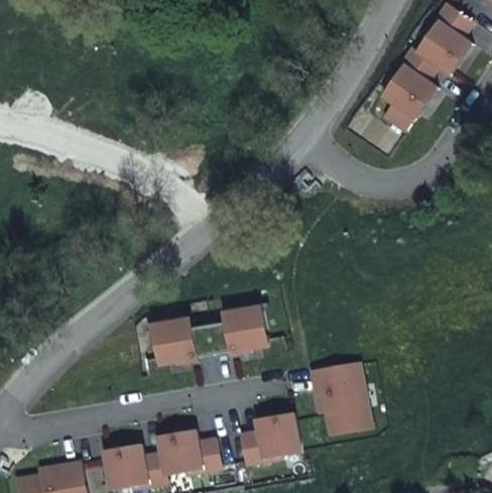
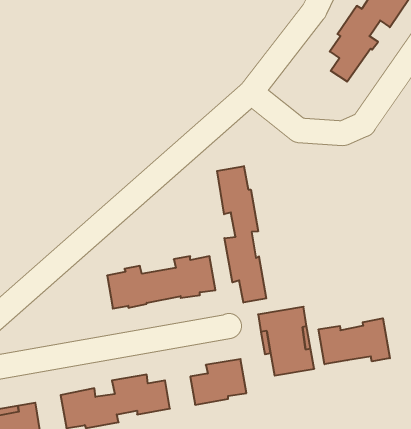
building: none -> [217,166,266,303]
building: none -> [319,318,390,364]

